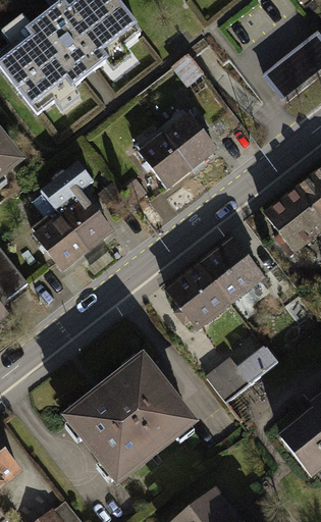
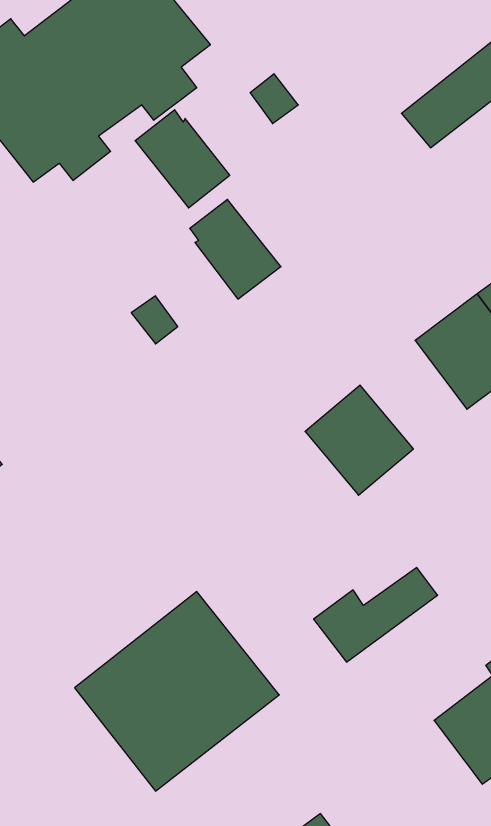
building: [158,108,214,166] -> [135,110,230,208]
building: [35,161,115,268] -> none
building: [171,264,235,328] -> none

